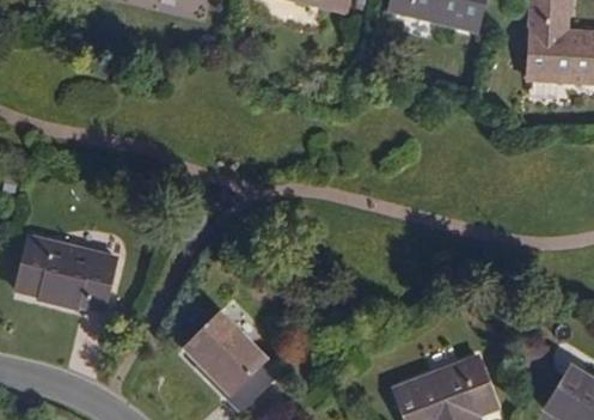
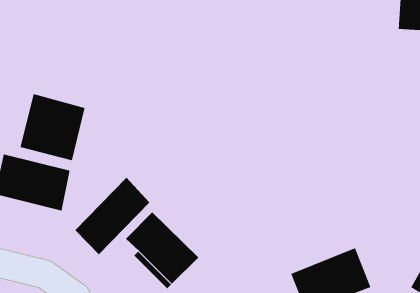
building: none -> [20,93,86,161]
building: none -> [74,177,150,255]

